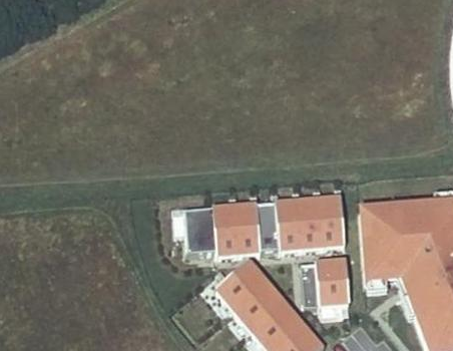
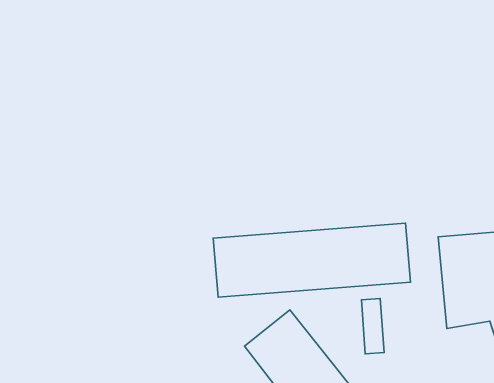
building: [319,255,353,311] -> none

